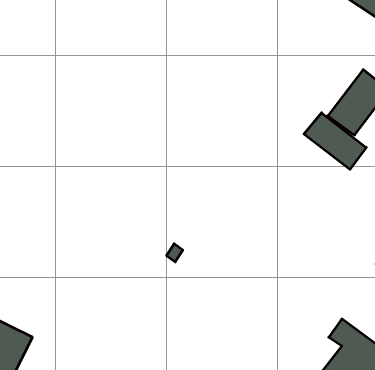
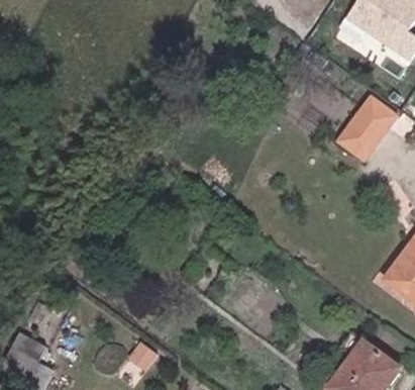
building: [304,113,366,169] -> none

